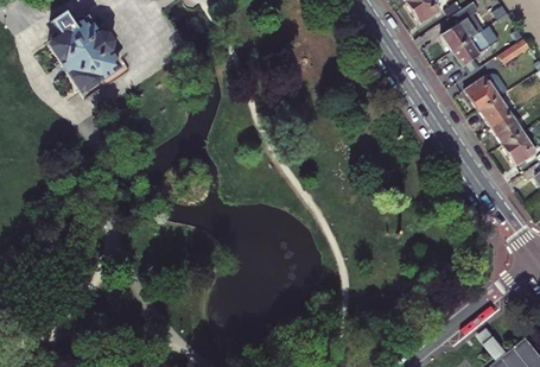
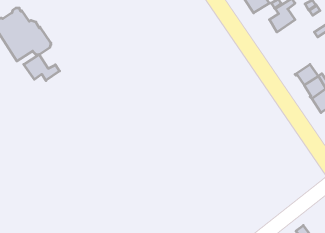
building: [451,31,490,65] -> none
building: [463,75,498,110] -> none
building: none -> [24,54,60,81]

